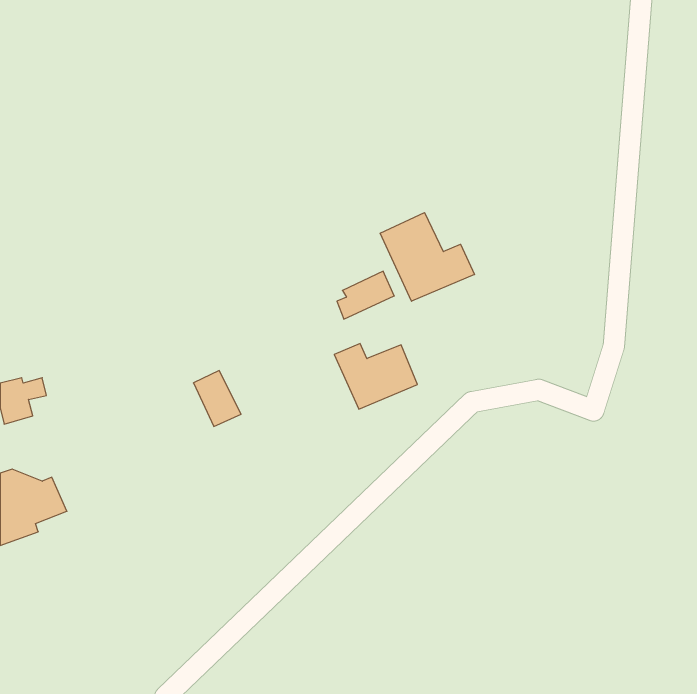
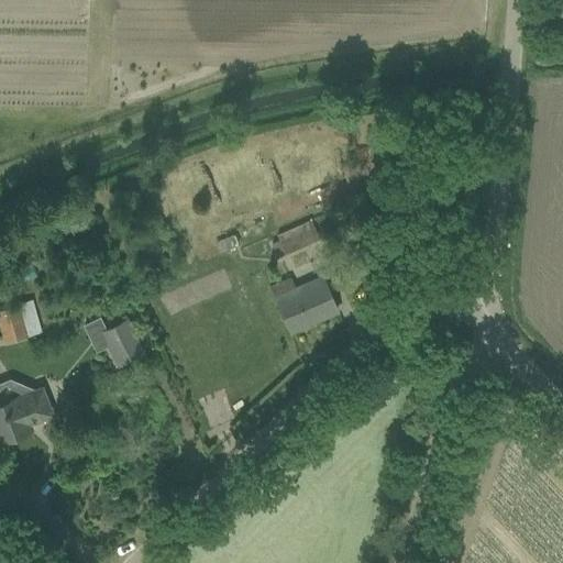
building: [380,213,474,301] -> none
building: [193,371,241,426] -> [101,322,140,367]

